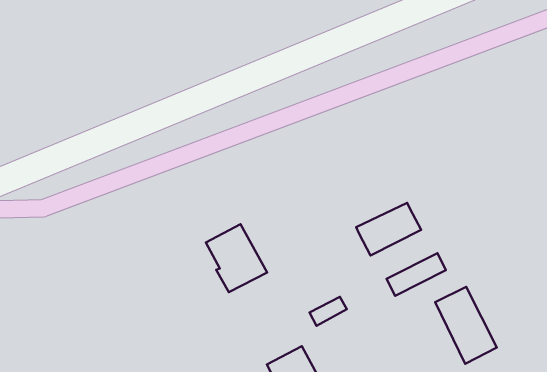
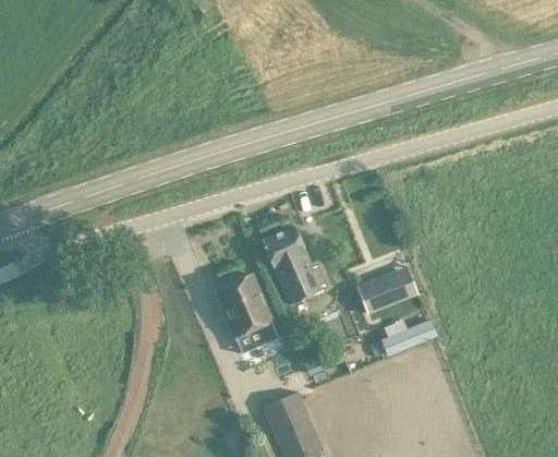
building: none -> [262,226,327,304]
building: none -> [234,321,279,353]
building: [435,287,497,364] -> none

